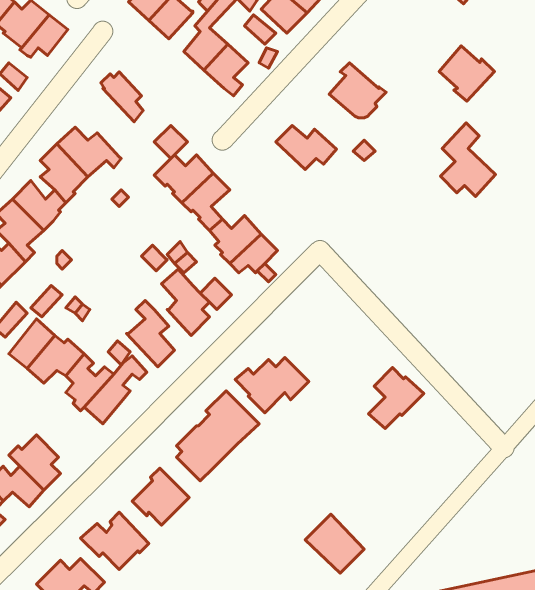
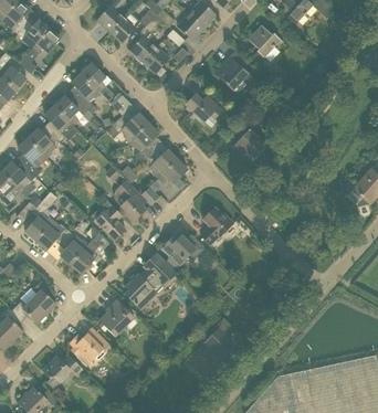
building: [439,46,494,101] -> [246,24,280,57]
building: none -> [71,73,99,114]
building: [440,123,496,196] -> [232,114,265,158]
building: [369,368,424,428] -> [199,208,232,244]

